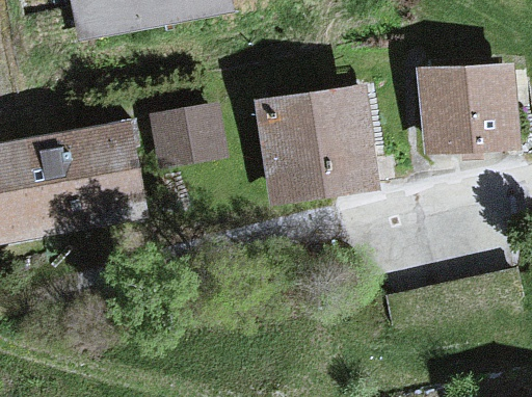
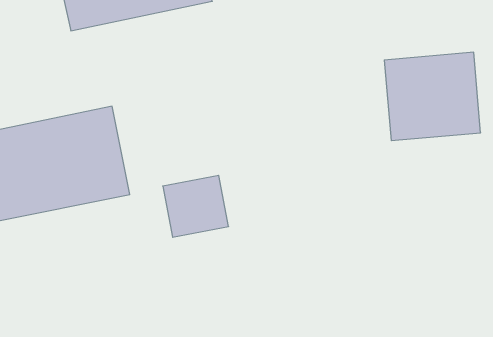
building: [254,83,378,205] -> none
building: [154,104,223,169] -> [163,175,229,237]

